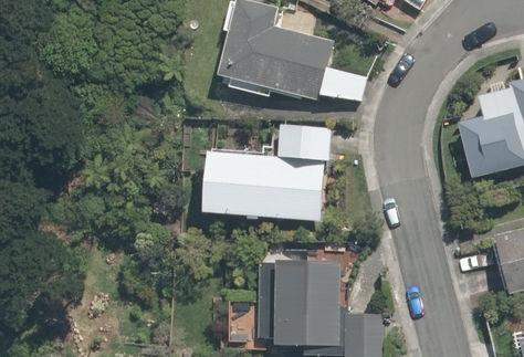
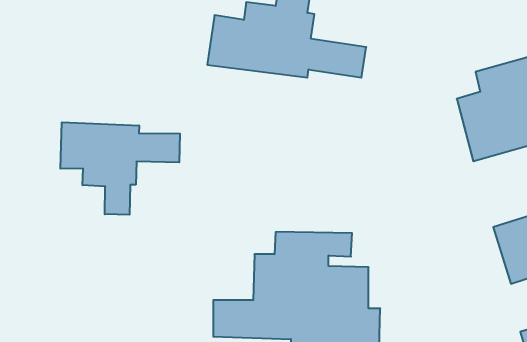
building: [199,111,327,218] -> none
building: none -> [60,122,180,215]

